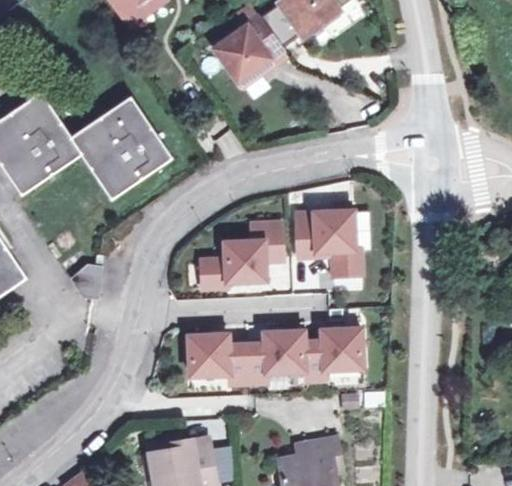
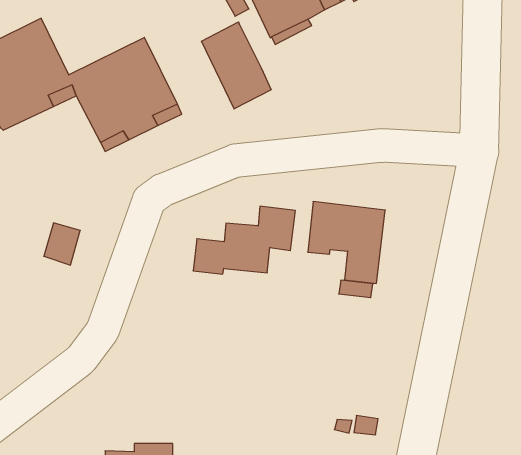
building: none -> [201,22,271,109]
building: [189,328,363,384] -> none

